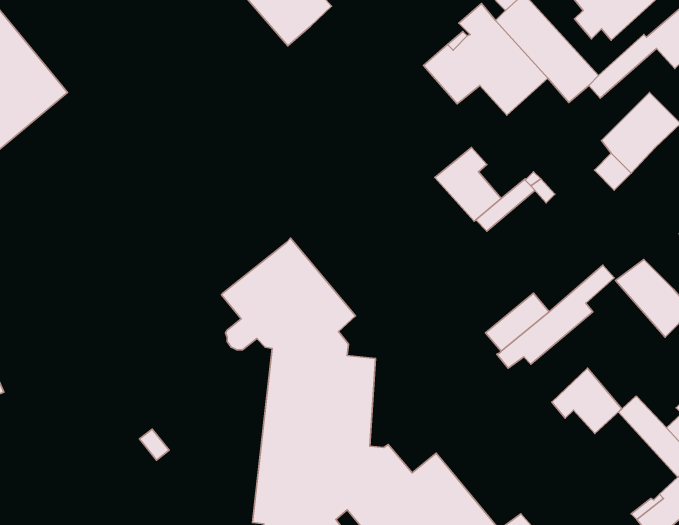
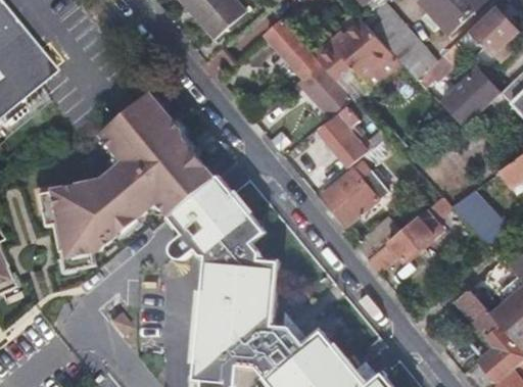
building: none -> [267,17,353,114]
building: none -> [40,95,213,272]
building: none -> [320,172,389,228]
building: [552,368,622,434] -> none

